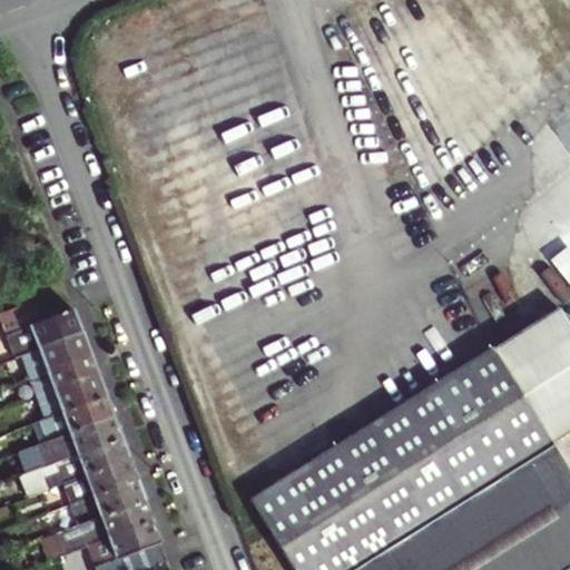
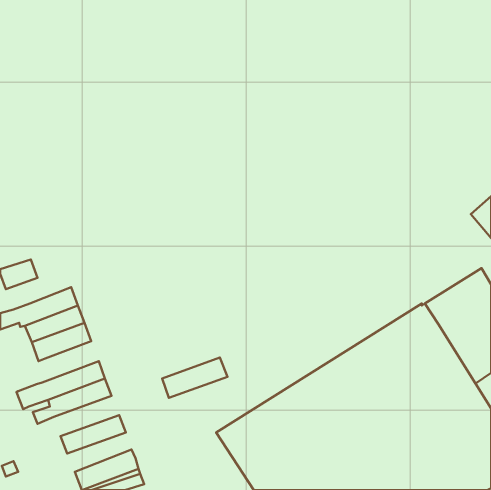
building: [7,309,82,358] -> none
building: [41,395,115,443] -> none
building: [62,459,138,505] -> [162,358,227,398]
building: [37,501,153,554] -> none

